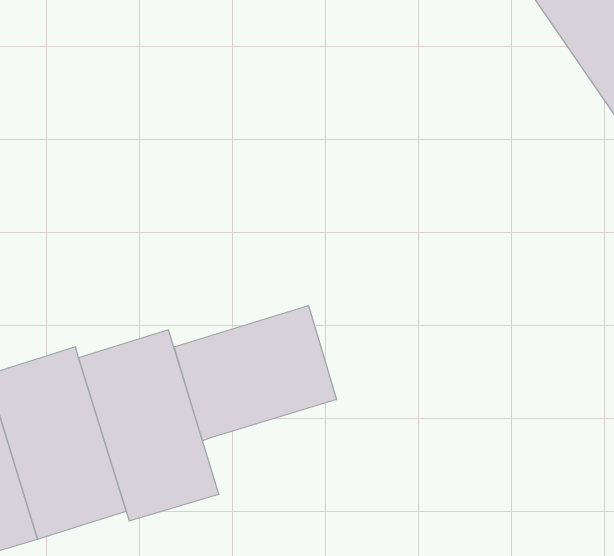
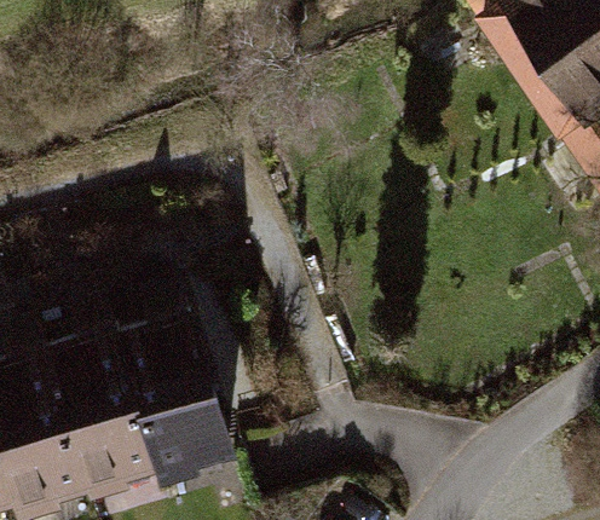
building: [174,305,337,441] -> none

